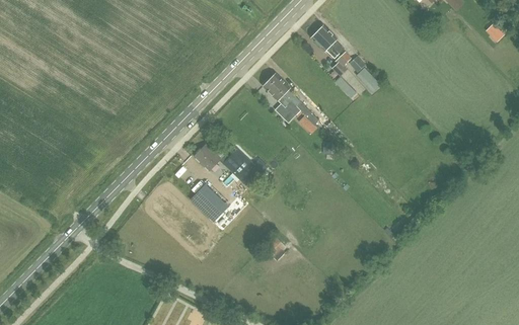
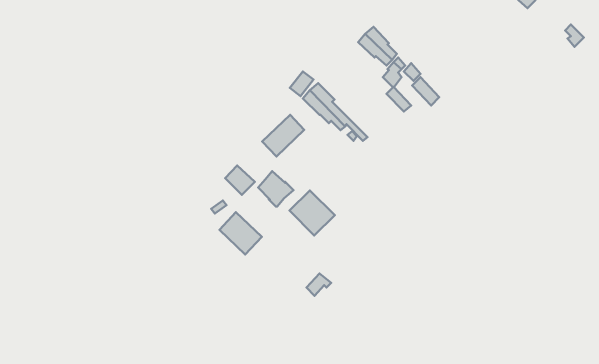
building: none -> [262,115,304,157]
building: none -> [289,190,335,235]

